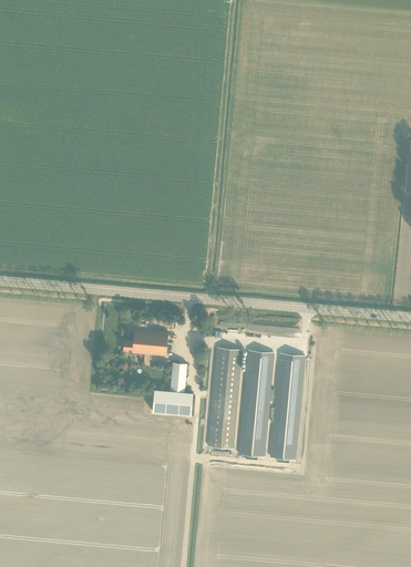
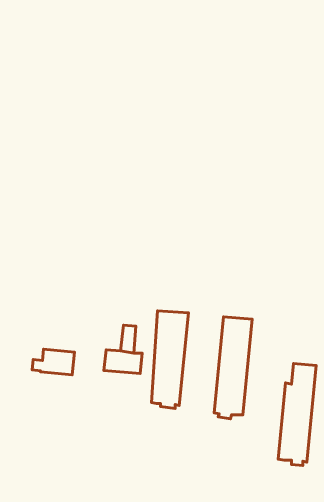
building: [123,328,168,355] -> [32,349,74,375]
building: [233,350,274,460] -> [278,363,316,465]

